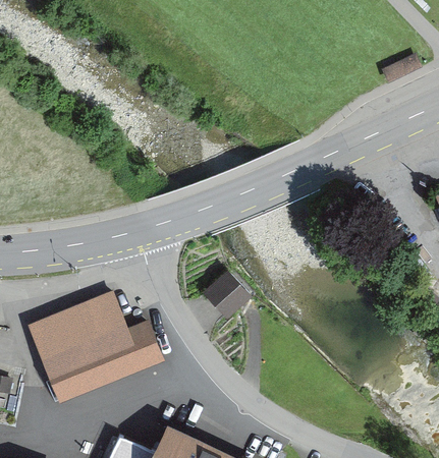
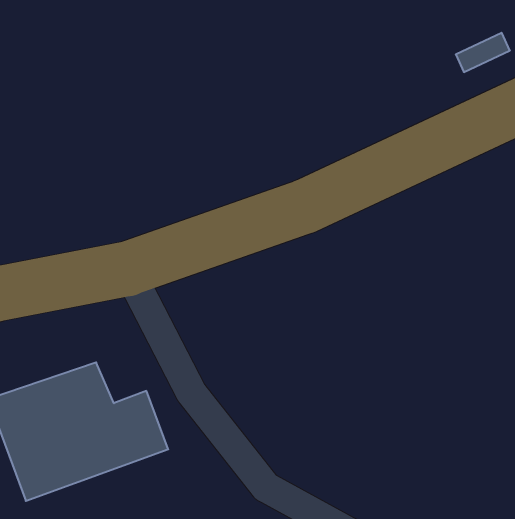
building: [202,271,245,314] -> none

